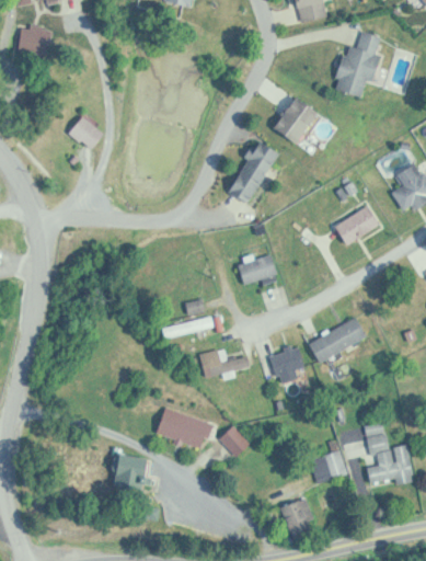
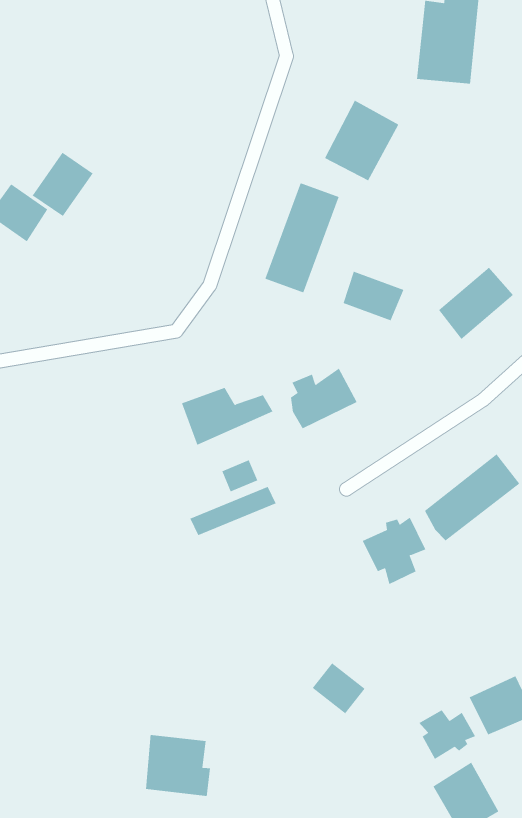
building: none -> [32,152,93,217]
building: none -> [343,271,404,321]
building: [192,348,245,380] -> [181,387,273,445]
building: [159,410,211,449] -> none
building: none -> [418,709,476,760]

